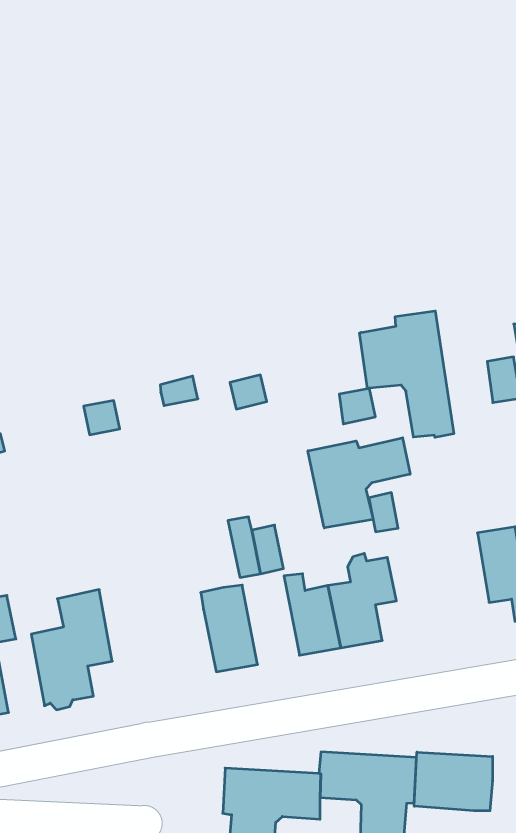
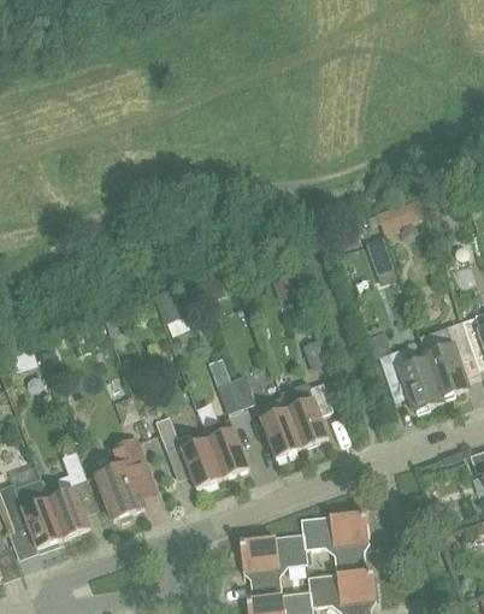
building: [360,311,454,437] -> none
building: [308,438,410,528] -> none
building: none -> [155,415,223,488]
building: [414,752,493,811] -> none

